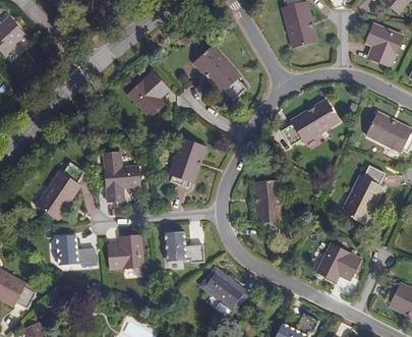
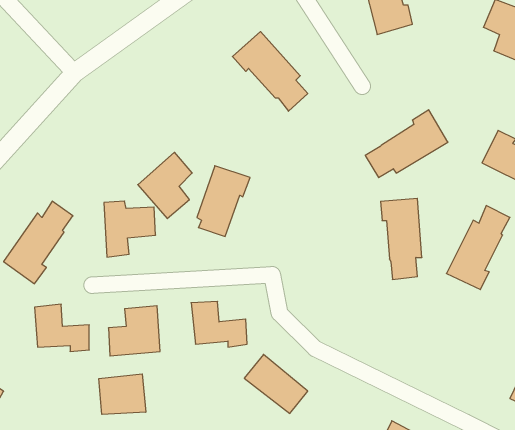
building: [128,70,166,116] -> [138,152,192,219]
building: [255,181,284,237] -> [381,198,422,279]
building: [317,241,361,278] -> none
building: none -> [99,374,146,414]

